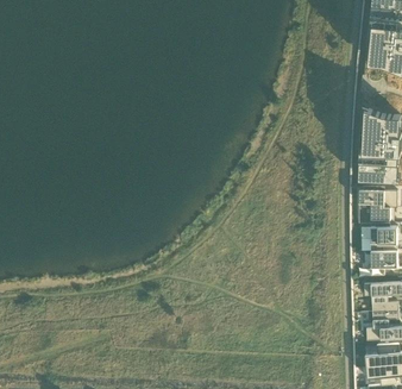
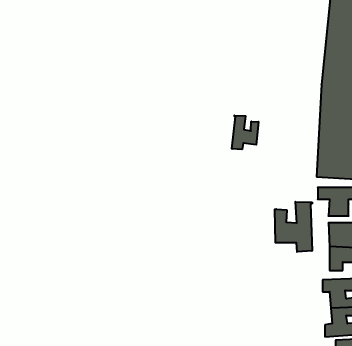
building: none -> [232,115,258,149]
building: none -> [275,202,312,252]

